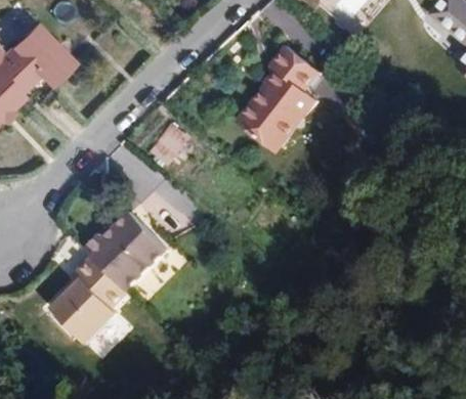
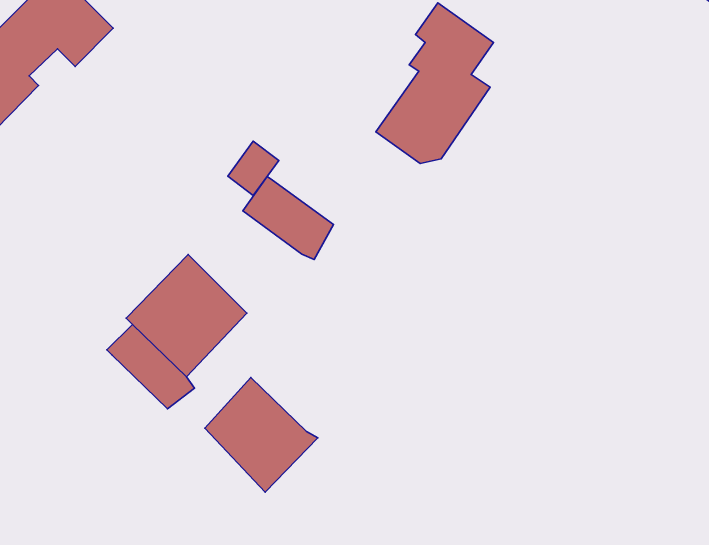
building: none -> [243,176,334,259]
building: [45,270,118,344] -> [205,377,318,492]

